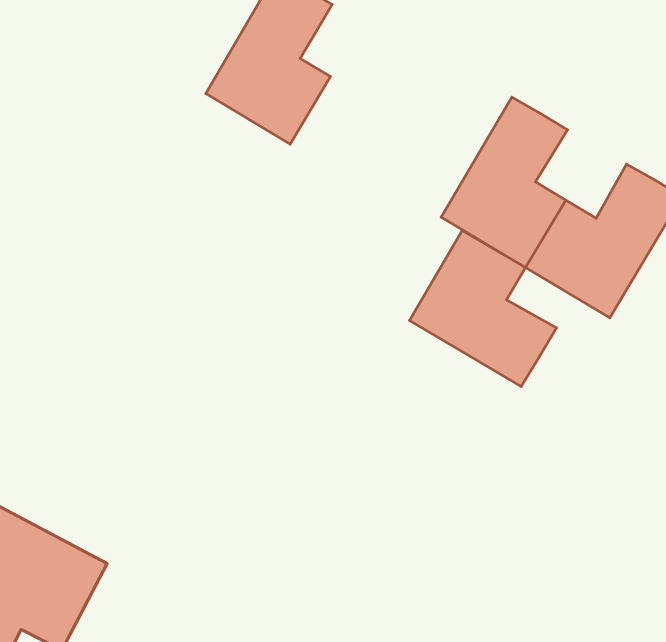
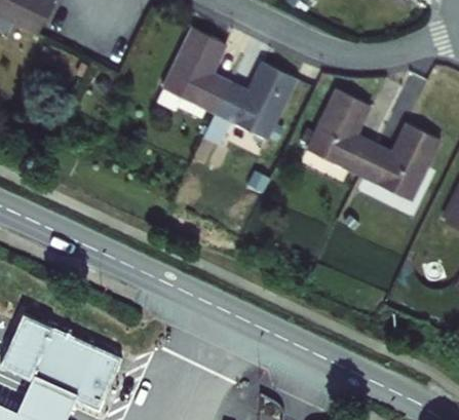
building: none -> [213,50,301,141]
building: [410,231,556,387] -> none

